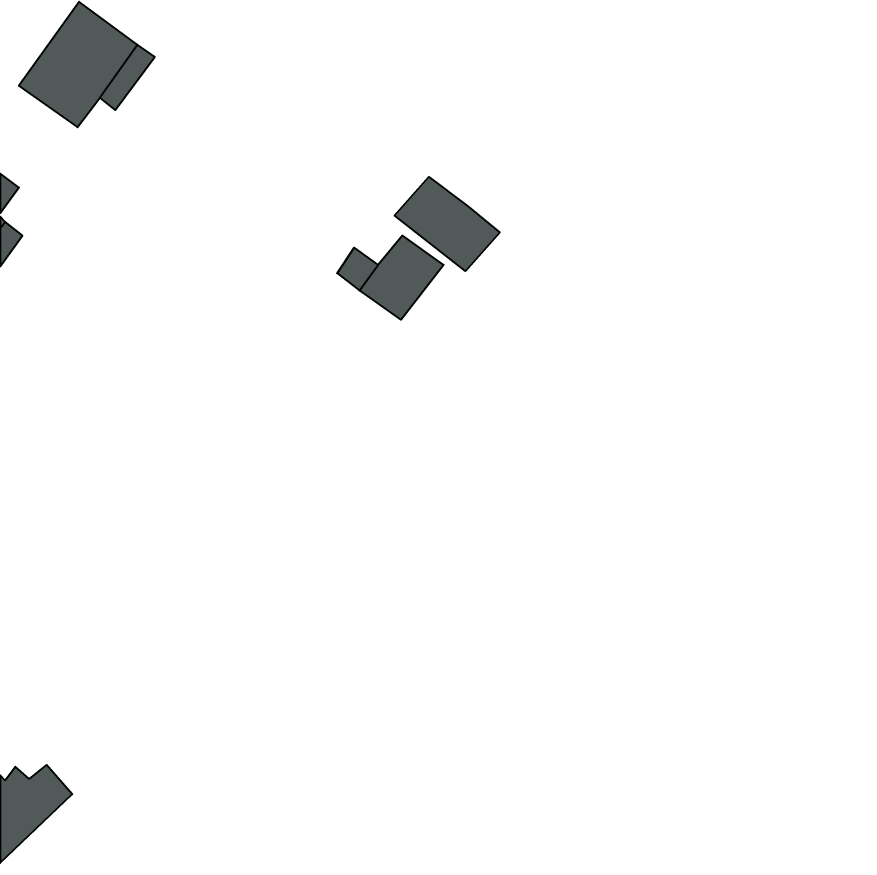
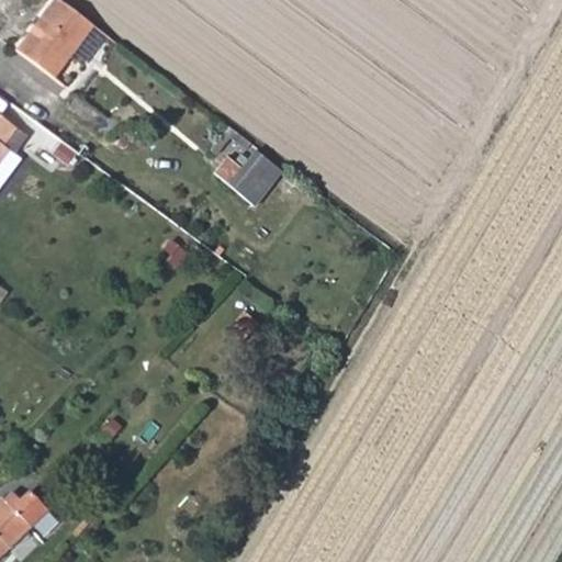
building: [395,177,500,271] -> none

